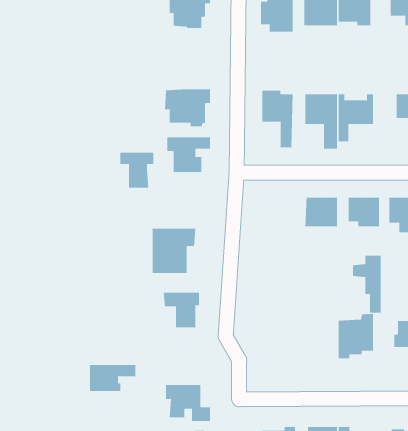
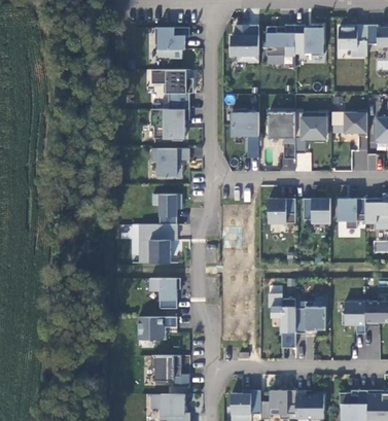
building: none -> [150,69,192,108]
building: [120,152,154,188] -> [151,195,180,224]
building: [352,255,382,313] -> [270,299,294,347]
building: [89,364,136,391] -> [137,316,176,339]

